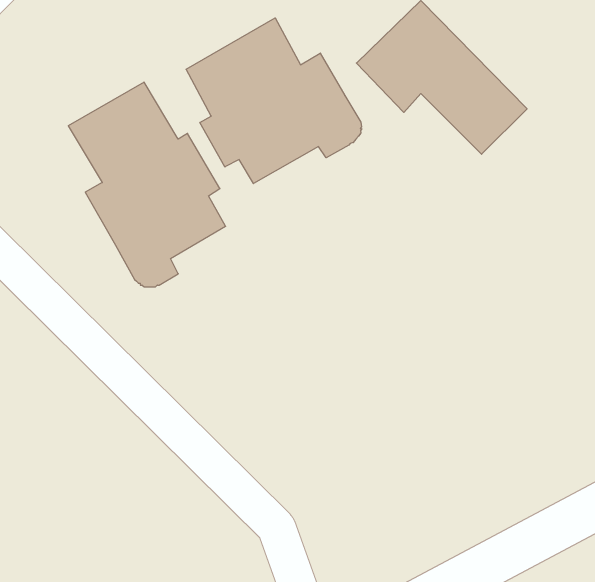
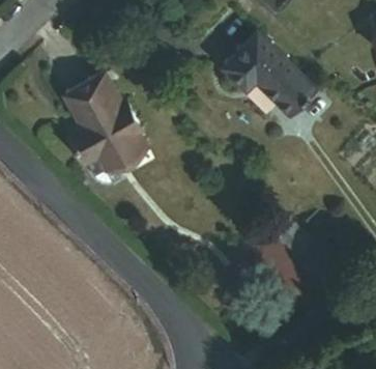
building: [186,18,362,184] -> none

